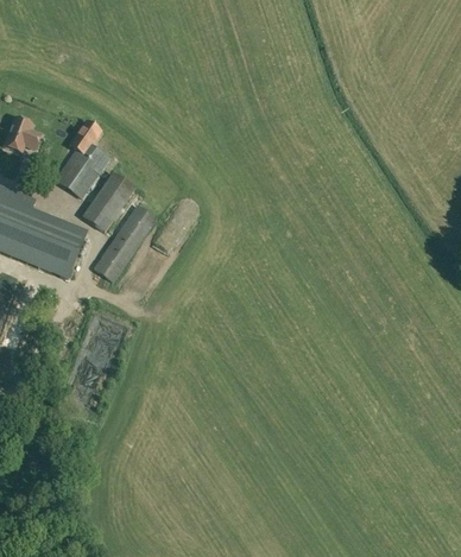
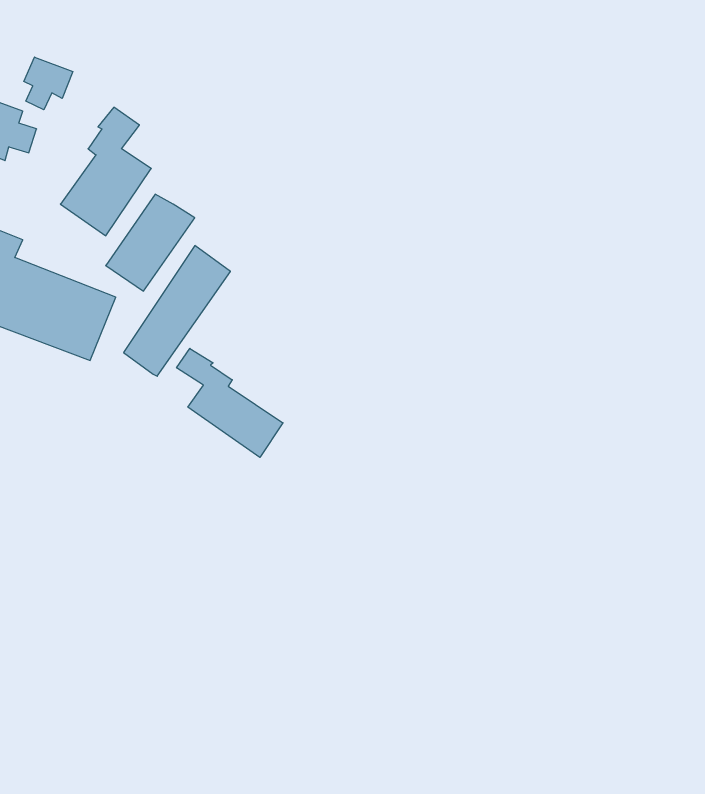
building: none -> [24,57,73,110]
building: none -> [177,348,283,457]

